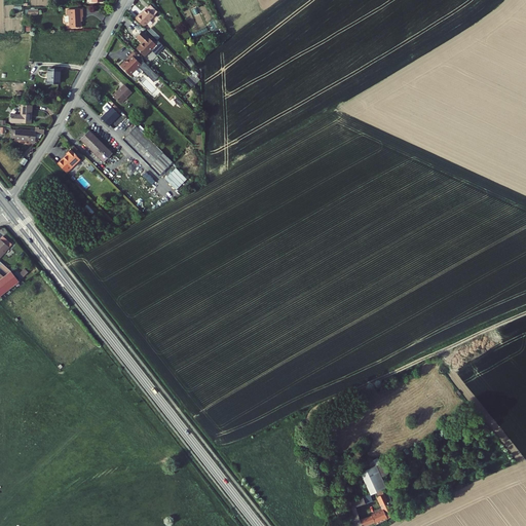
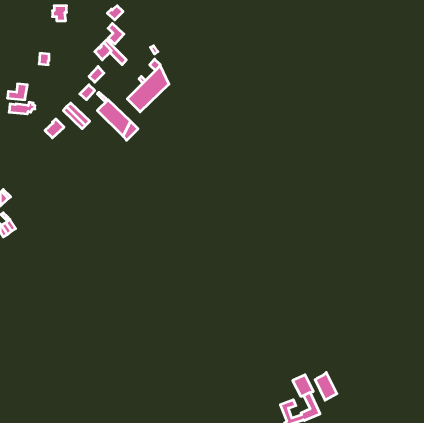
building: none -> [127,66,169,112]
building: none -> [315,372,337,400]

